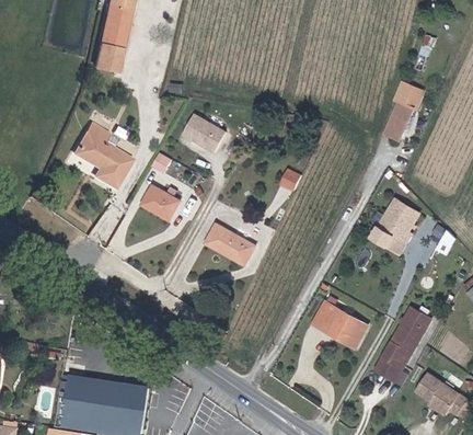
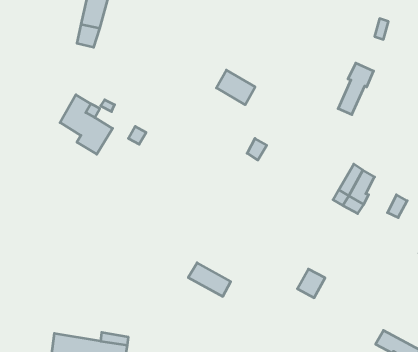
building: [182,111,224,149] -> [216,70,255,105]
building: [145,185,176,214] -> none
building: [207,221,254,259] -> [188,263,231,296]
building: [312,298,348,333] -> none
building: [380,311,435,382] -> none

